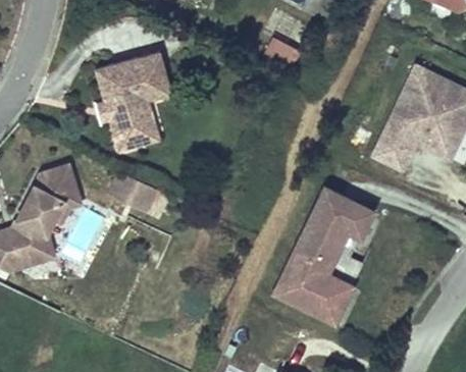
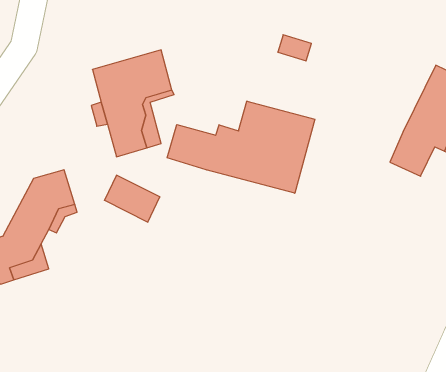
building: none -> [167,101,315,193]
building: [273,194,381,326] -> none

